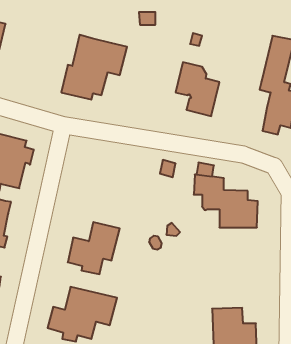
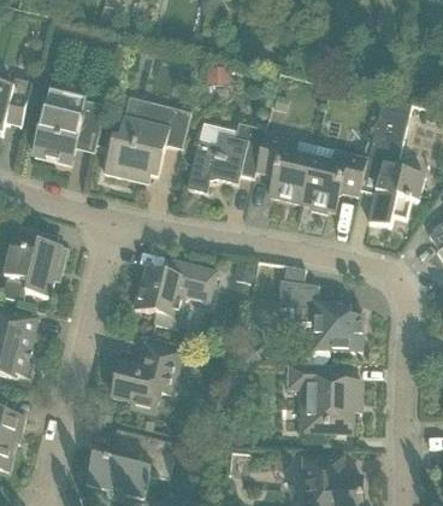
building: none -> [33,90,105,164]
building: none -> [187,120,265,192]
building: none -> [301,151,367,212]
building: none -> [132,261,217,328]
building: none -> [285,361,360,433]

